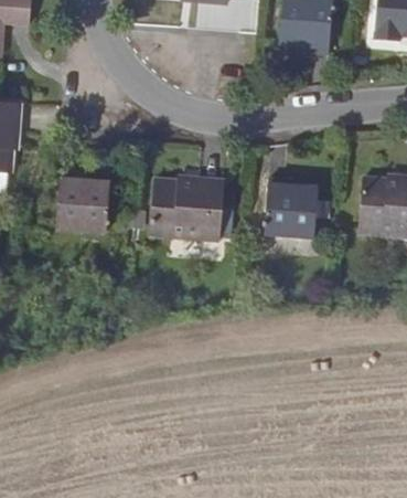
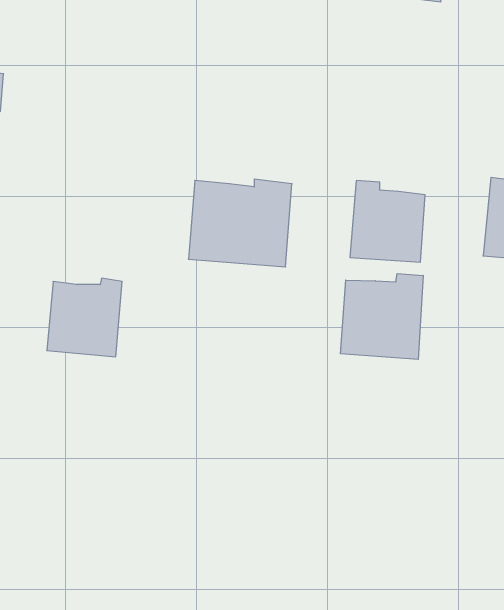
building: [57,176,110,231] -> [47,278,122,357]
building: none -> [341,274,423,359]

